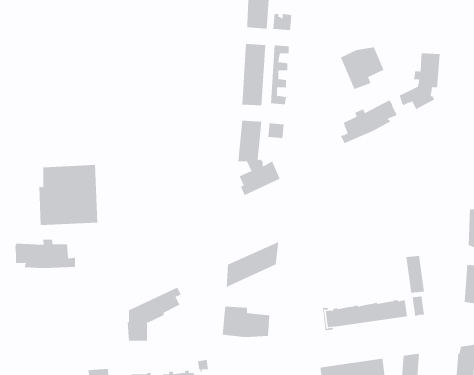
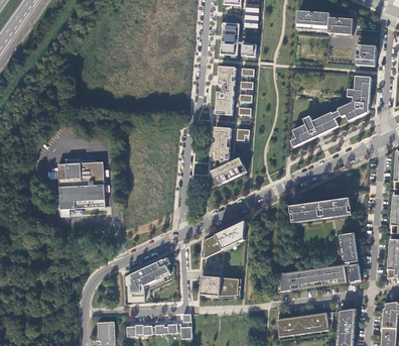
building: none -> [355,44,375,65]
building: [340,46,384,90] -> none
building: none -> [288,199,351,221]
building: [15,239,76,269] -> none

